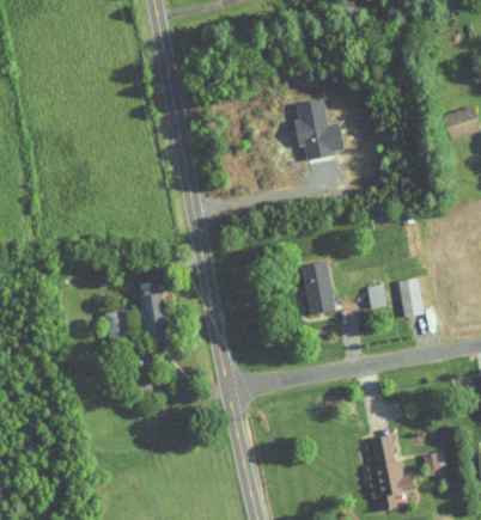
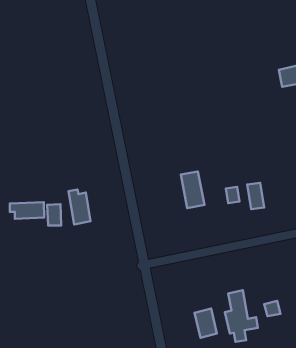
building: [296,99,345,160] -> none
building: none -> [10,202,44,219]
building: none -> [195,308,217,338]

